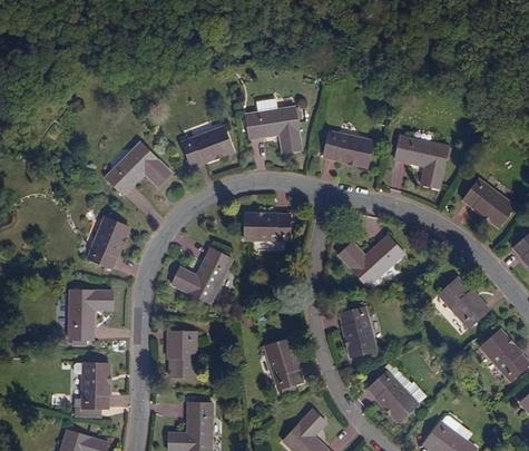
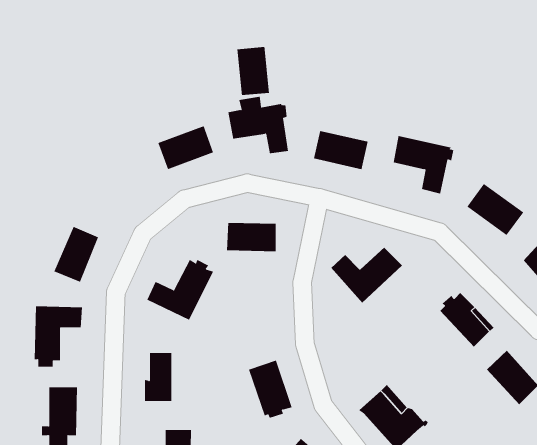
building: none -> [237,46,270,96]
building: [105,141,170,195] -> none
building: [341,305,376,356] -> none

